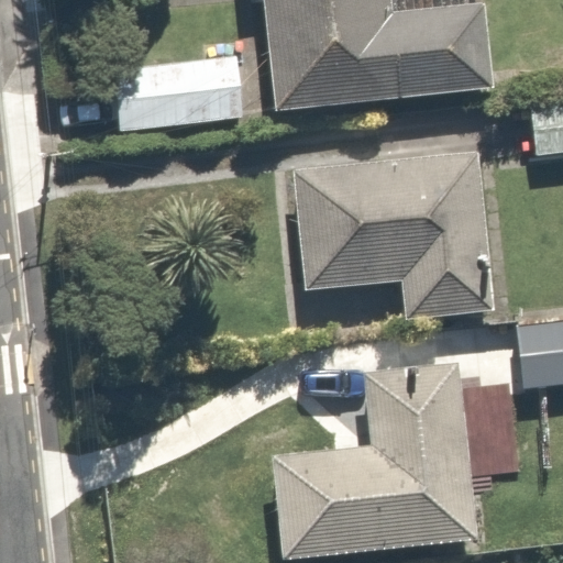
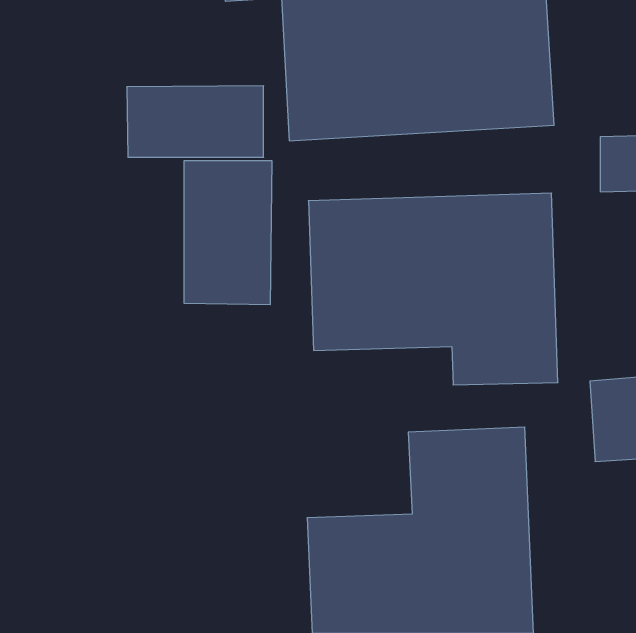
building: none -> [184,161,272,305]

